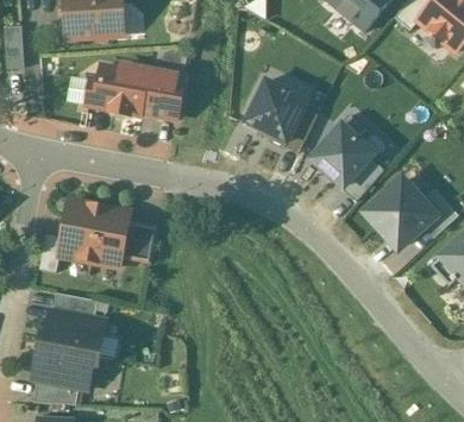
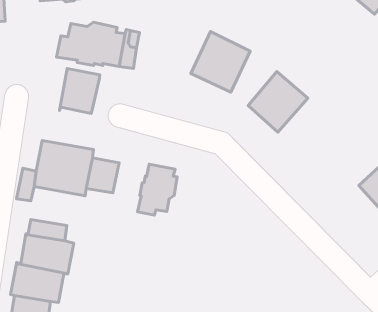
building: none -> [59,69,100,114]
building: [360,169,440,250] -> none
building: none -> [138,164,177,215]

